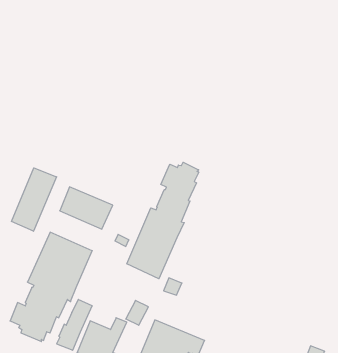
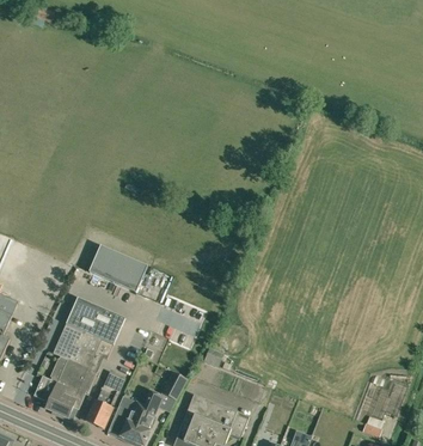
building: [127,162,199,279] -> none
building: [11,168,57,231] -> none

